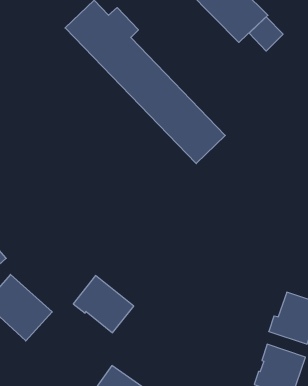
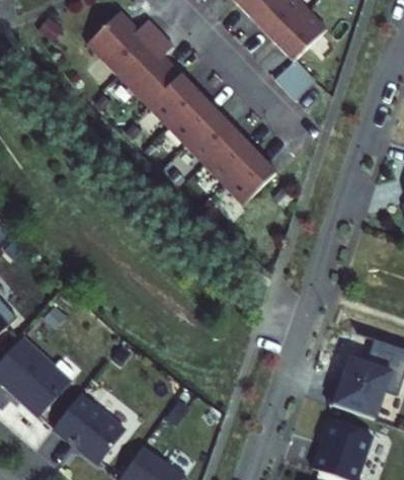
building: [249,17,283,51] -> [275,60,316,100]
building: [73,276,134,333] -> [54,395,126,463]

